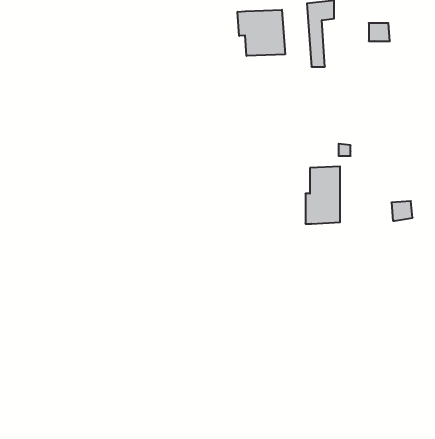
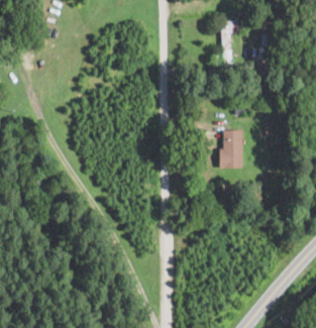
building: [238,10,285,56] -> none

